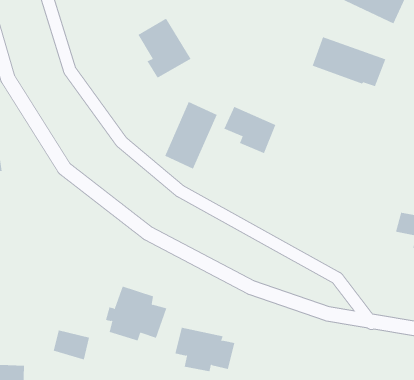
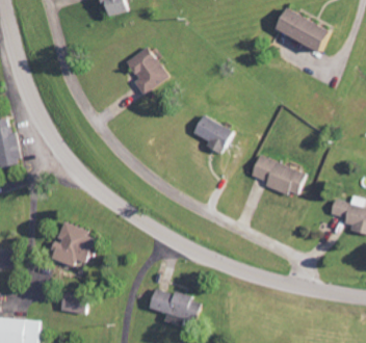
building: [312,37,386,87] -> [249,156,307,195]
building: [164,101,217,170] -> none
building: [105,286,167,341] -> [48,222,97,266]

